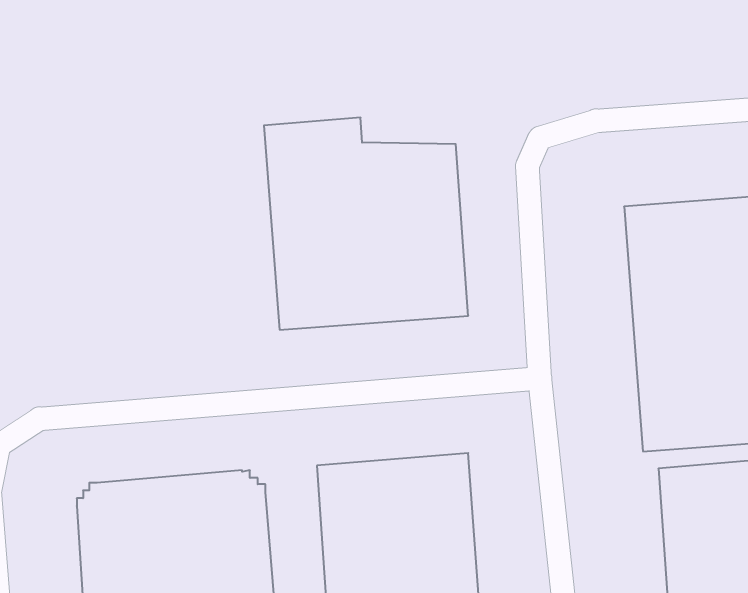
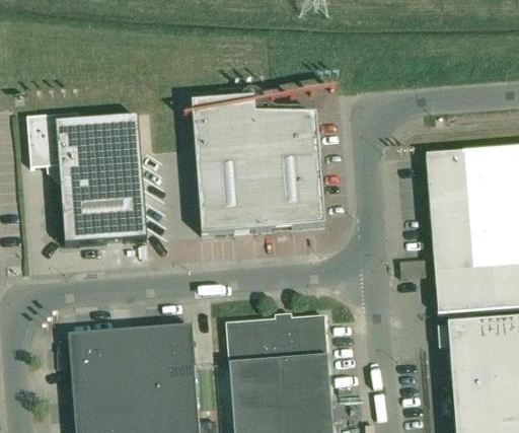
building: none -> [27,113,147,244]

